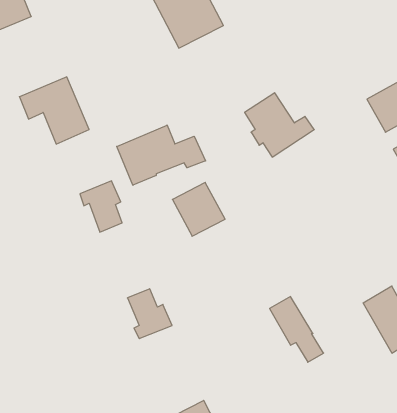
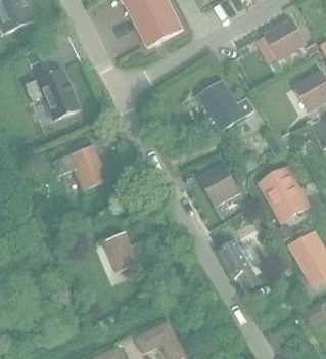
building: none -> [263,17,305,58]
building: [117,125,206,185] -> none
building: [172,182,225,236] -> [198,162,239,204]
building: none -> [260,169,307,211]

